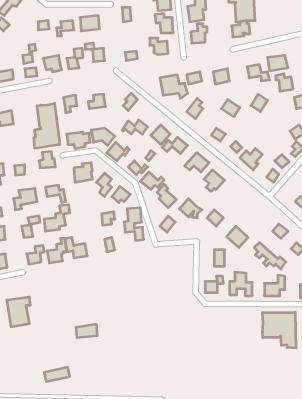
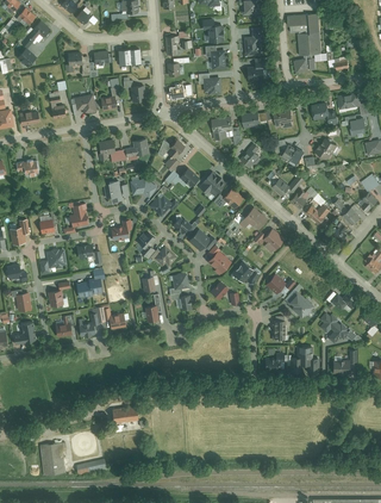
building: [34,103,60,148] -> none
building: [7,297,30,327] -> [39,440,67,474]
building: [263,312,296,348] -> none

